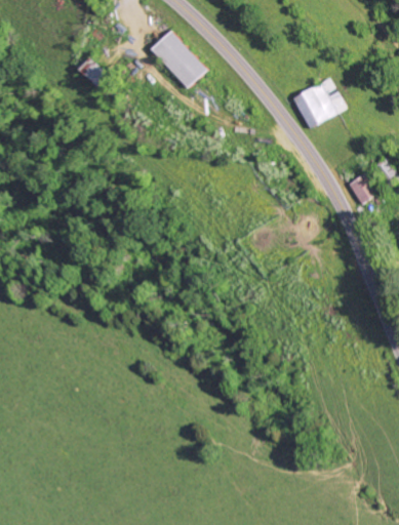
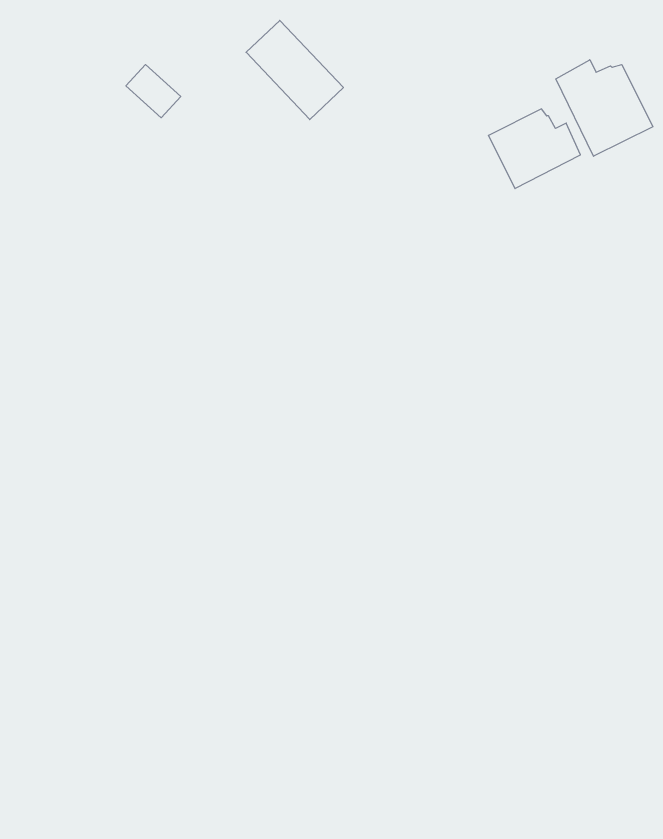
building: none -> [556,60,653,156]
building: [346,173,375,204] -> none

